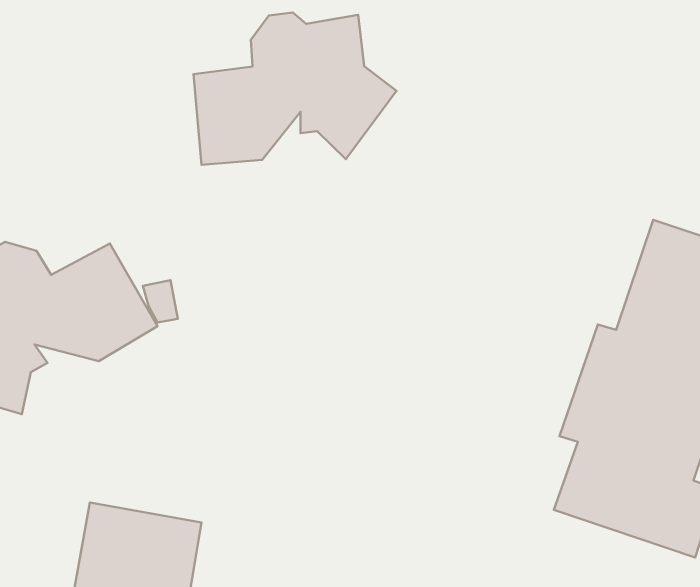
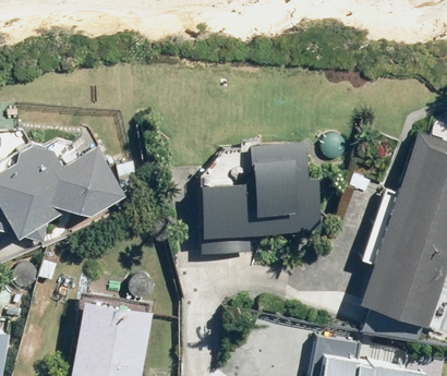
building: [194,12,397,165] -> none
building: none -> [200,145,319,255]

